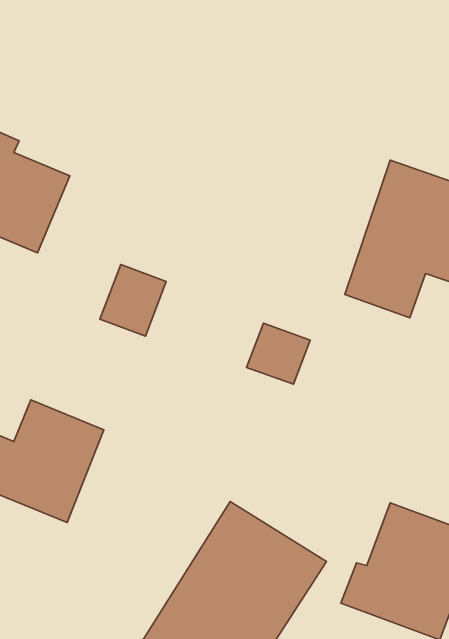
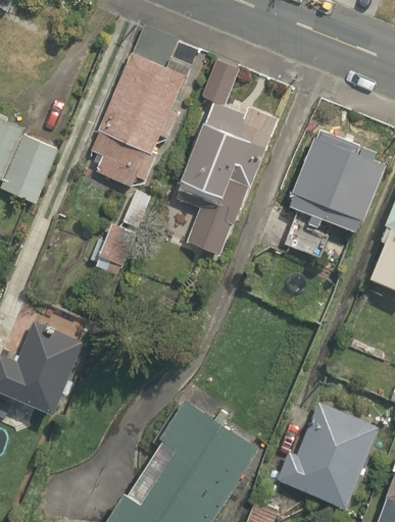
building: none -> [81,53,187,193]
building: none -> [178,57,279,213]
building: [246,323,310,384] -> [186,210,236,258]

